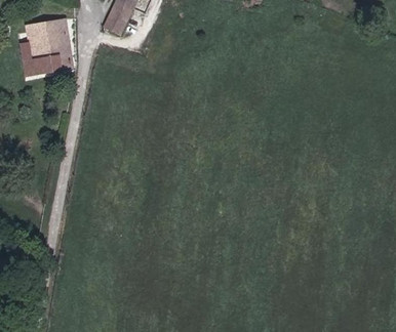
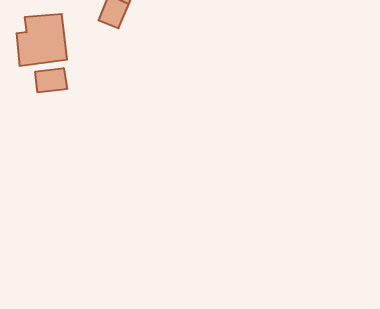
building: none -> [35,68,67,92]

